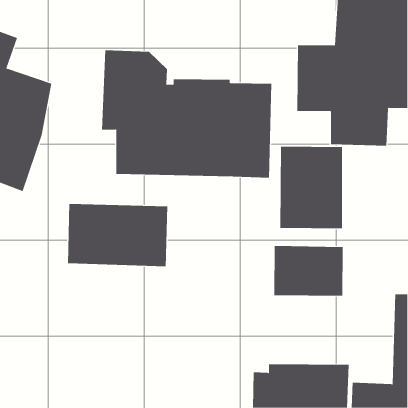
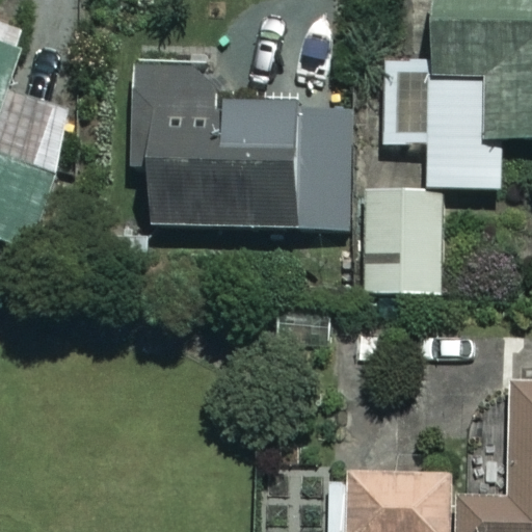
building: [68,203,168,267] -> none
building: [274,245,343,297] -> none

